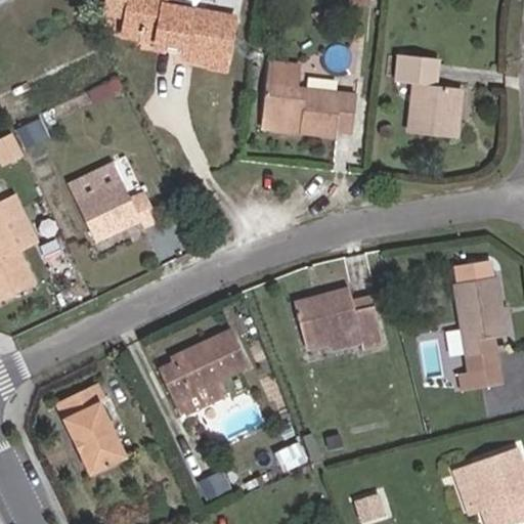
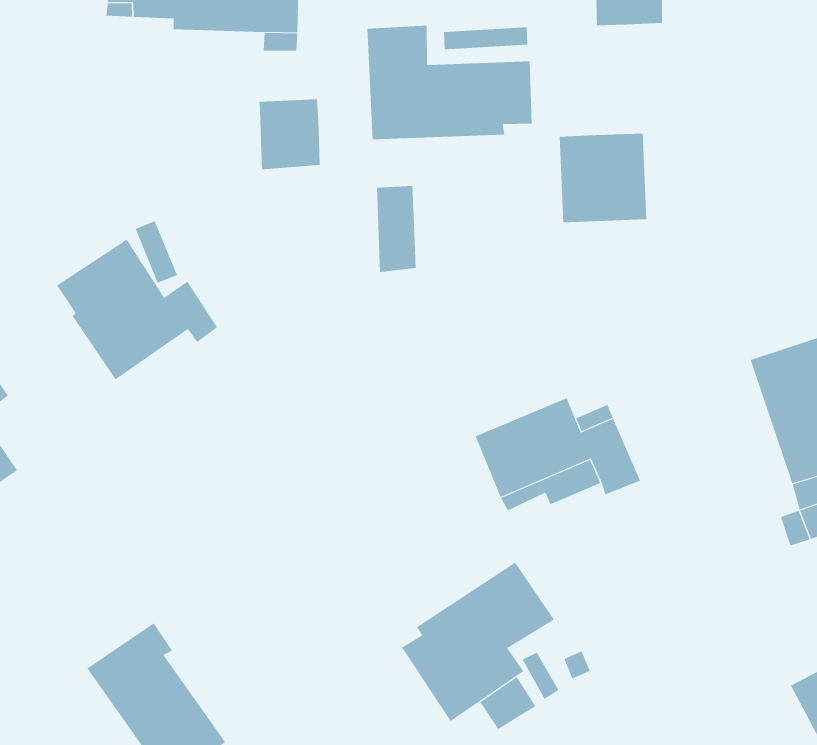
building: [408,83,462,137] -> [559,133,647,223]
building: none -> [259,98,320,170]
building: none -> [376,185,416,273]
building: [160,330,249,414] -> [401,562,555,722]

